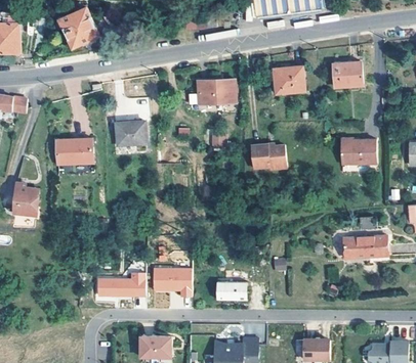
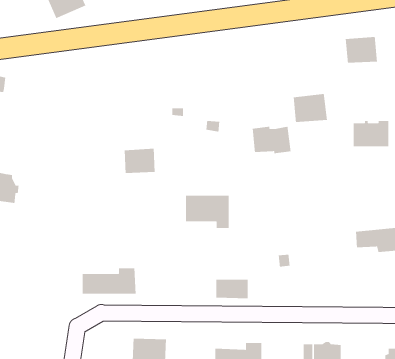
building: [276,64,307,91] -> [293,93,328,123]
building: [196,84,231,106] -> none
building: [117,120,145,143] -> [124,148,156,174]
building: [57,137,93,163] -> none
building: [151,266,191,297] -> [185,195,229,229]

